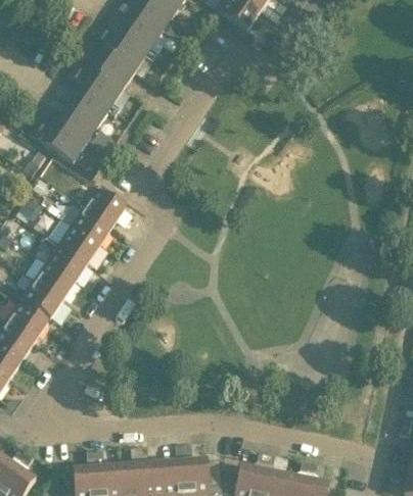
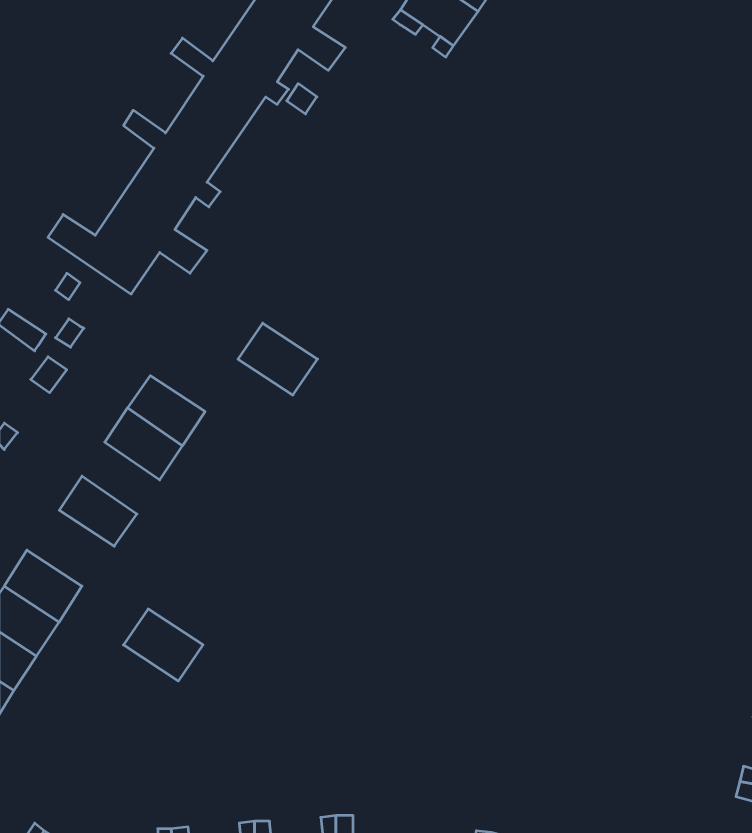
building: [82,190,125,229] -> [238,323,318,395]
building: [45,245,87,284] -> none
building: [19,282,62,320] -> [123,609,203,681]

